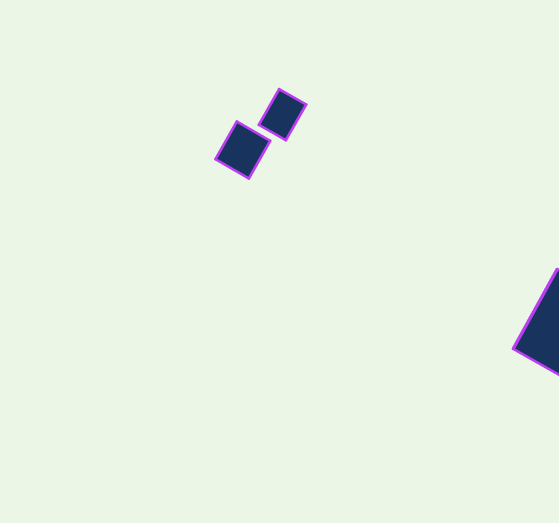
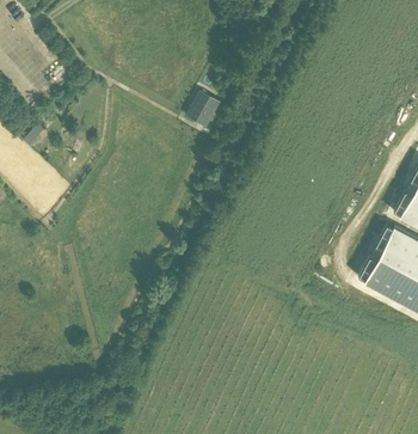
building: [215,121,270,178] -> none

